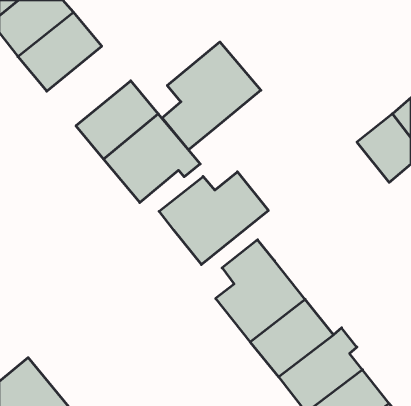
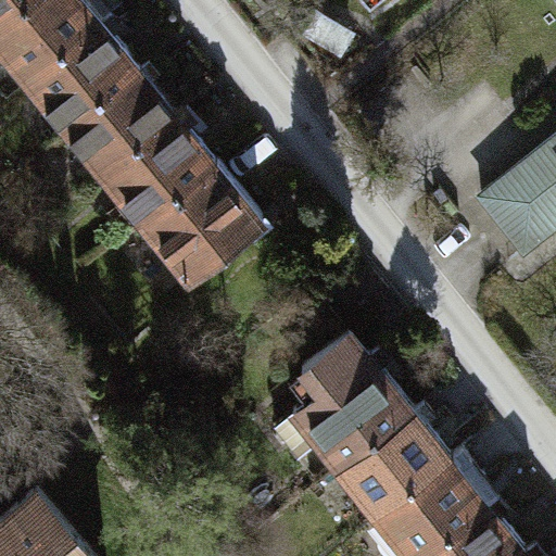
building: [162,42,261,150] -> none
building: none -> [63,71,176,178]
building: [159,172,268,265] -> none

